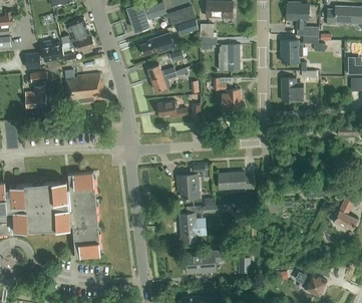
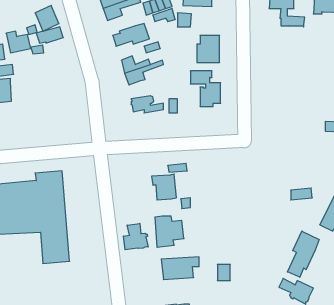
building: [280,41,302,63] -> none
building: [64,71,103,102] -> none
building: [281,78,302,101] -> none
building: [218,173,253,191] -> none
building: none -> [123,223,148,250]
building: none -> [287,231,319,277]

